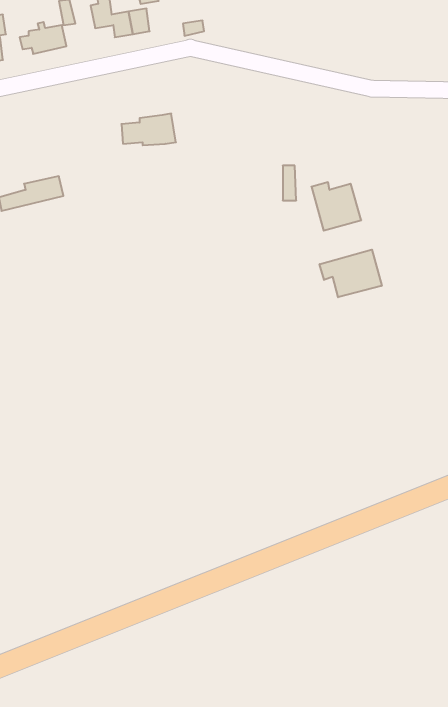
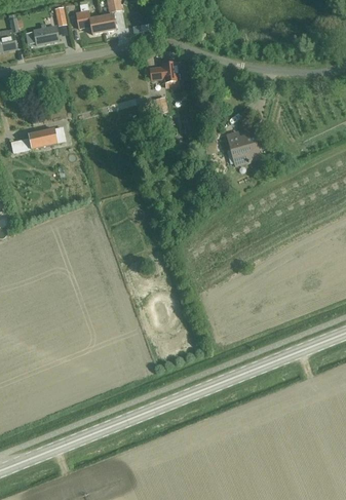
building: [121,114,176,145] -> [149,60,186,81]
building: [320,250,382,297] -> none

